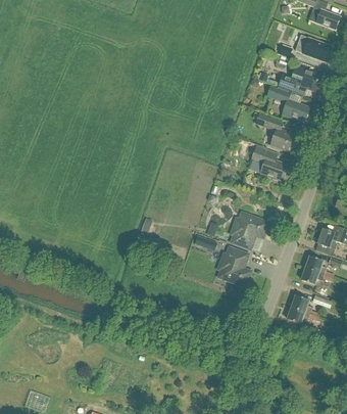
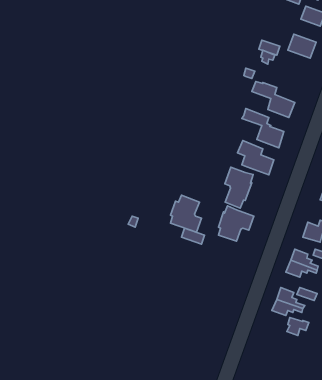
building: [277,64,319,95] -> none
building: none -> [225,167,253,208]
building: [218,246,250,284] -> [170,195,201,232]

